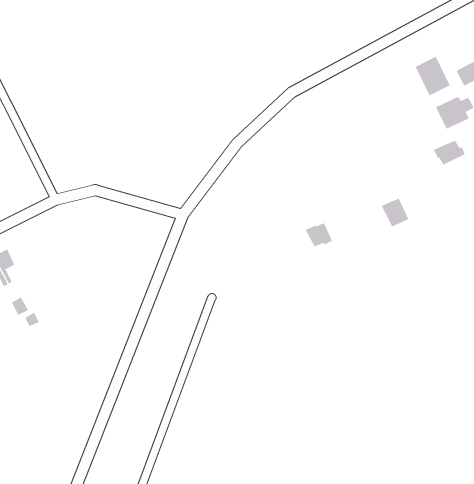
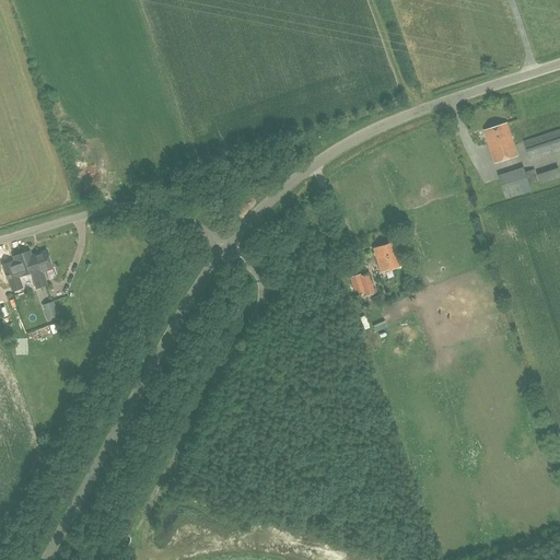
building: [433,140,465,165] -> none
building: [381,198,409,227] -> [373,243,399,271]

